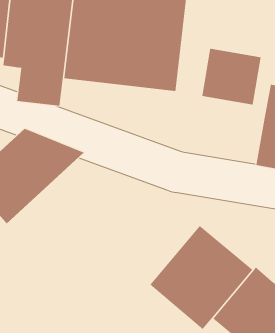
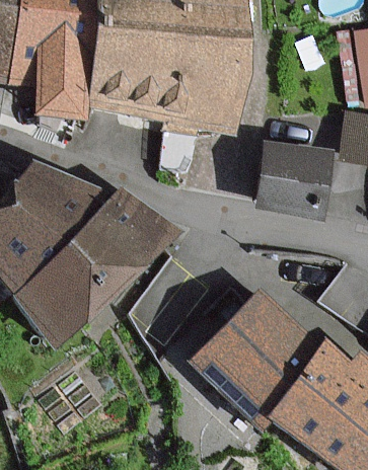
building: [201,48,261,105] -> [260,143,335,214]
building: none -> [13,190,172,337]

